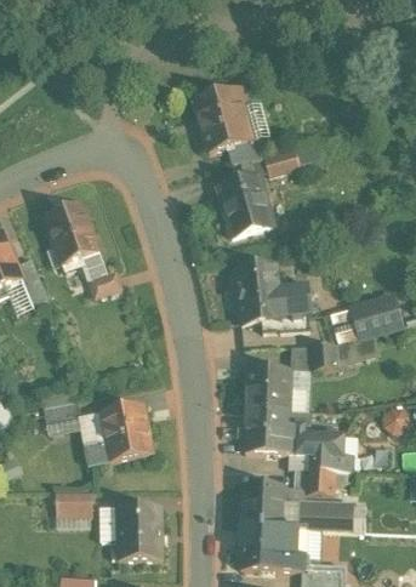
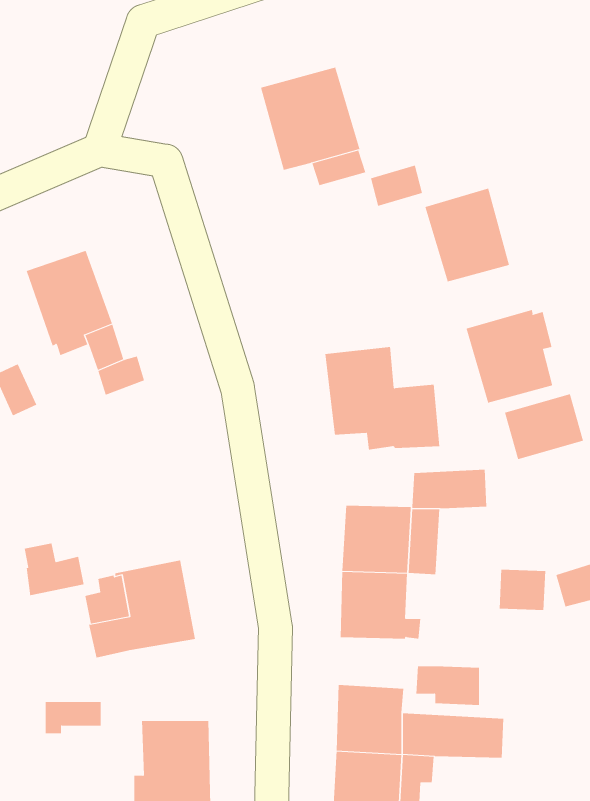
building: [218,173,273,234] -> [425,188,510,282]
building: none -> [466,309,553,404]
building: [306,443,336,469] -> [499,569,546,611]

